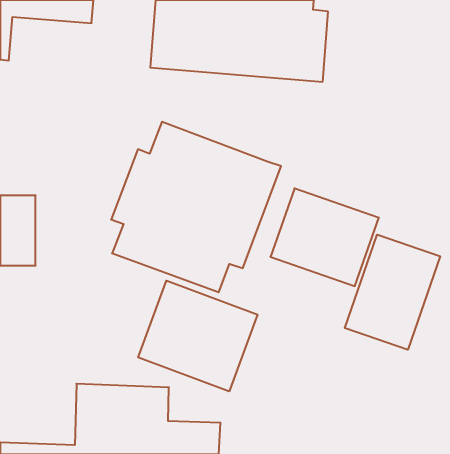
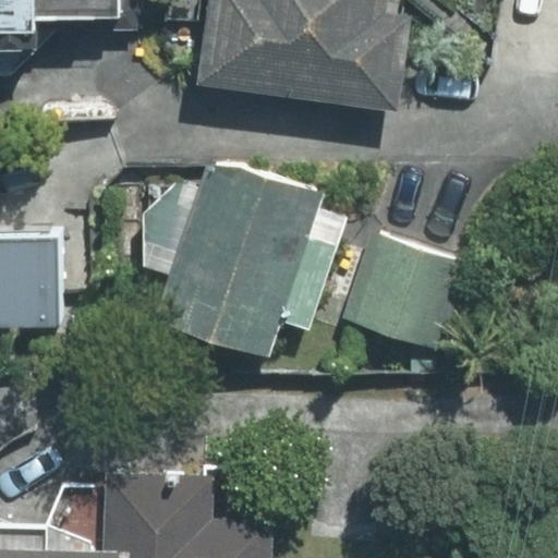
building: [345,235,440,350] -> none
building: [138,281,258,391] -> none

